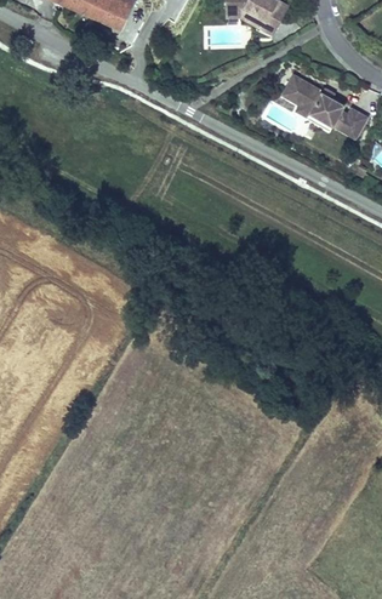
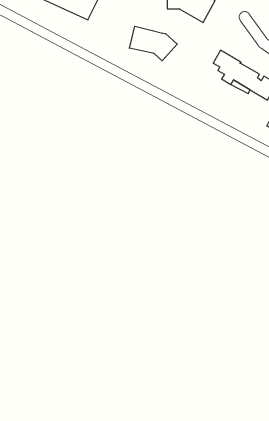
building: none -> [129,26,177,61]

